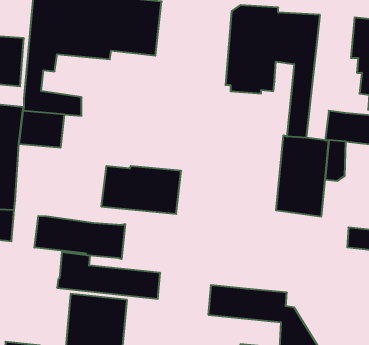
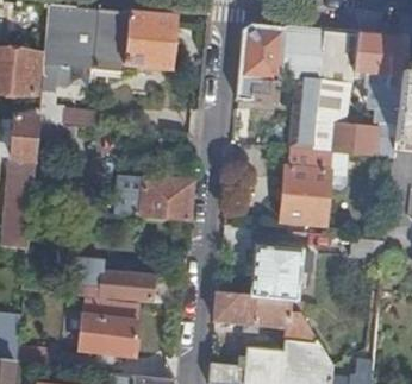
building: none -> [312,29,358,150]
building: [34,216,125,259] -> none
building: none -> [254,245,313,311]

